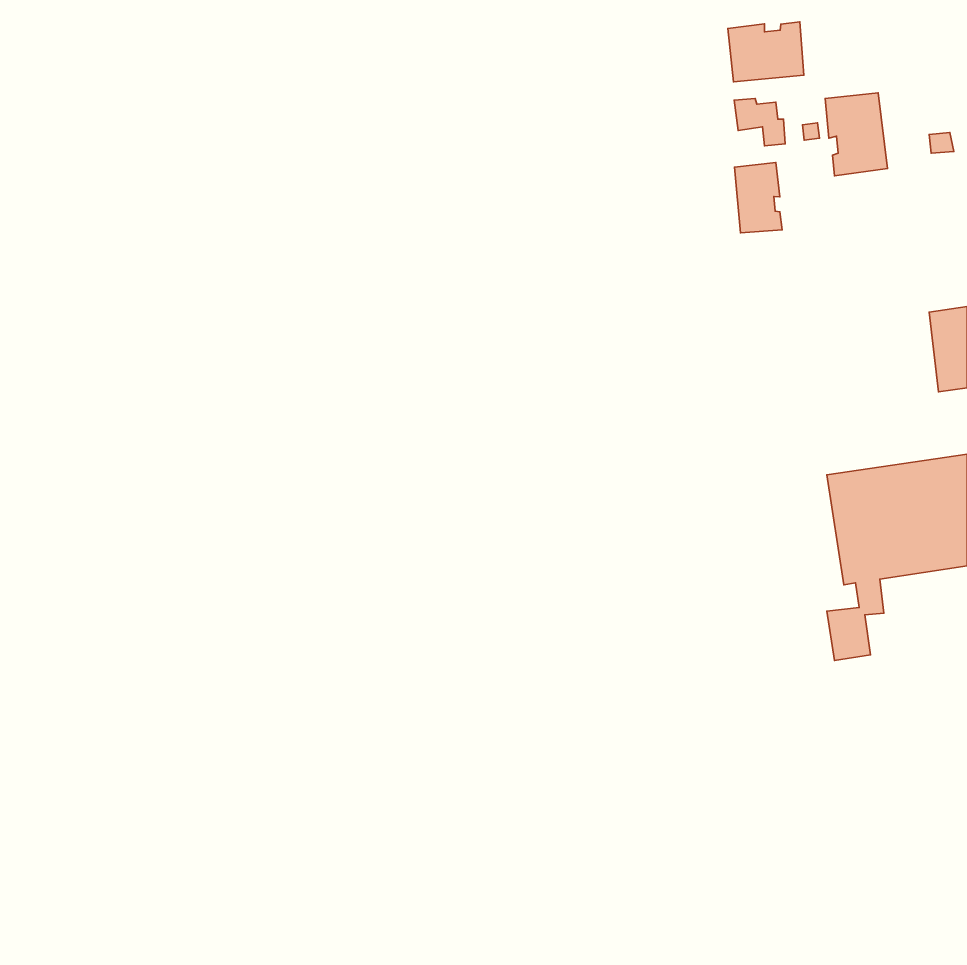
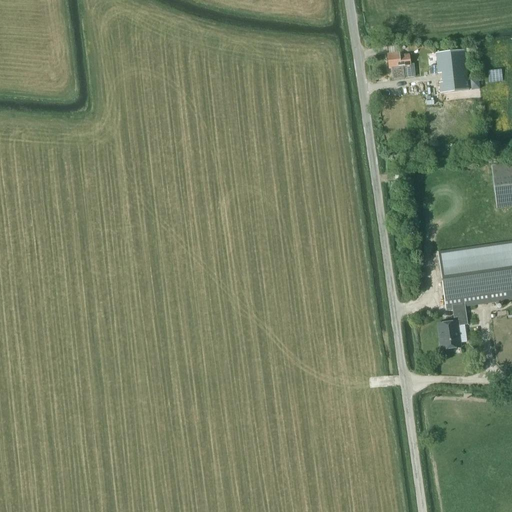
building: [728,22,804,82] -> none
building: [734,163,782,233] -> none

